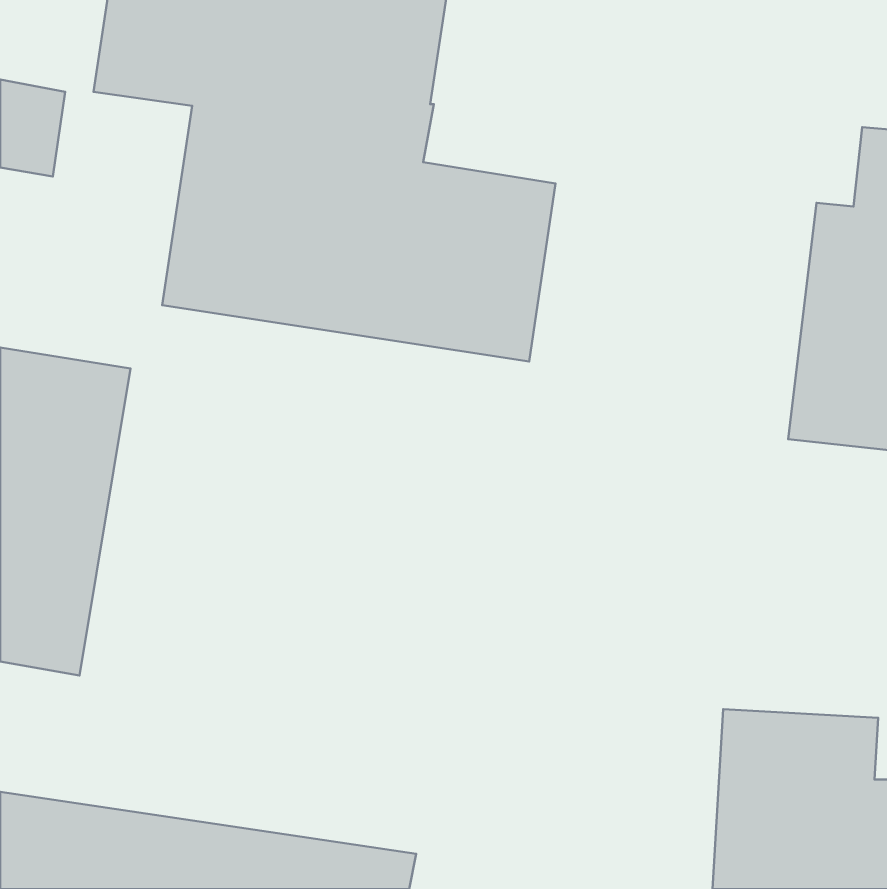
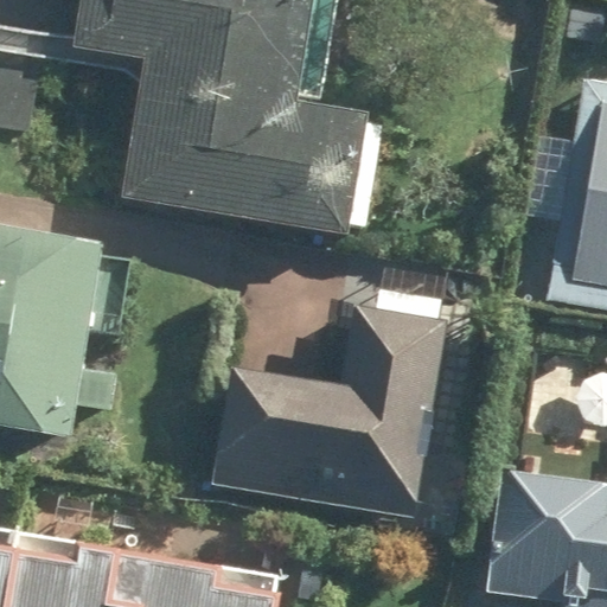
building: none -> [222,311,440,505]

